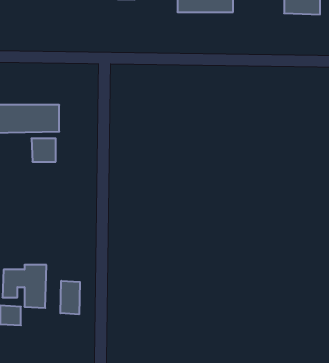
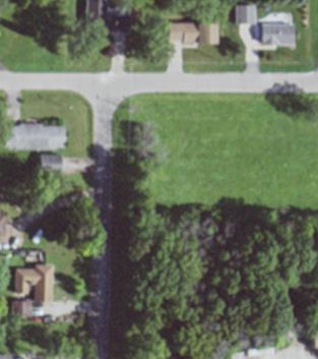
building: [60,281,80,314] -> none

